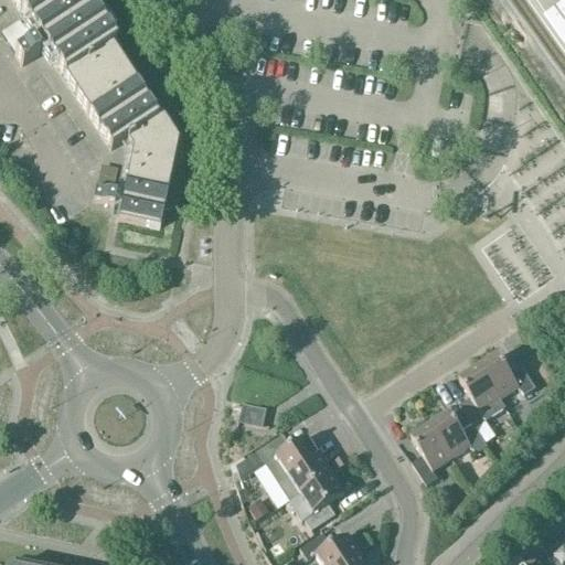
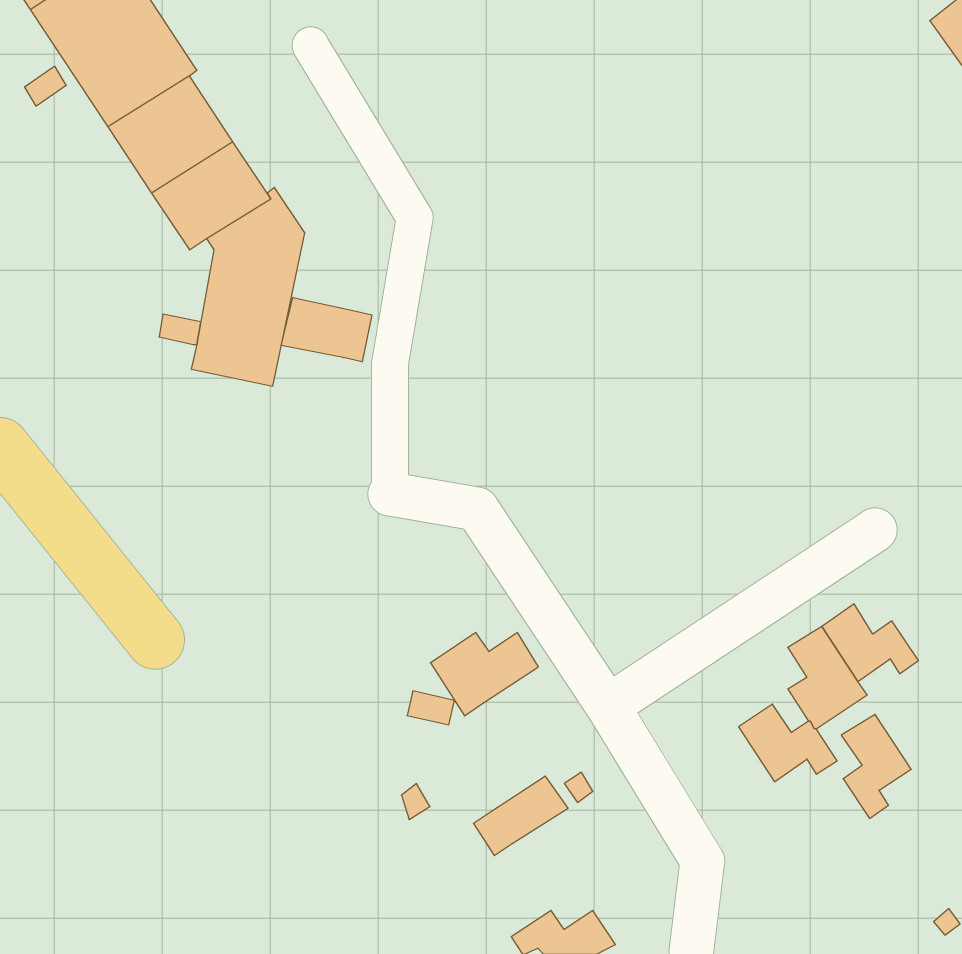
building: none -> [281,297,372,362]
building: [414,424,455,484] -> [841,714,911,819]
building: [258,433,321,481] -> [430,633,538,716]
building: [301,471,347,529] -> none

